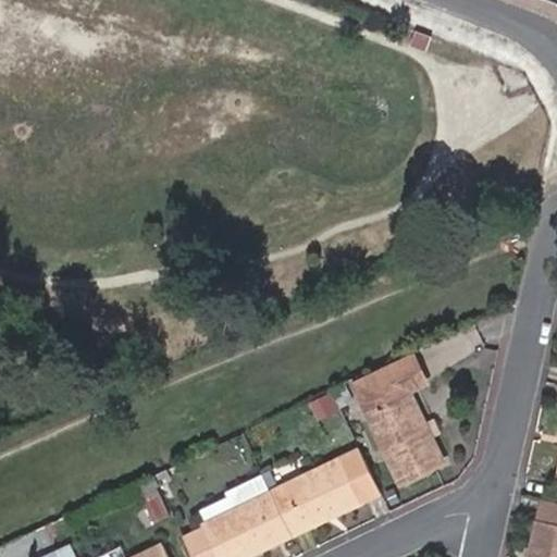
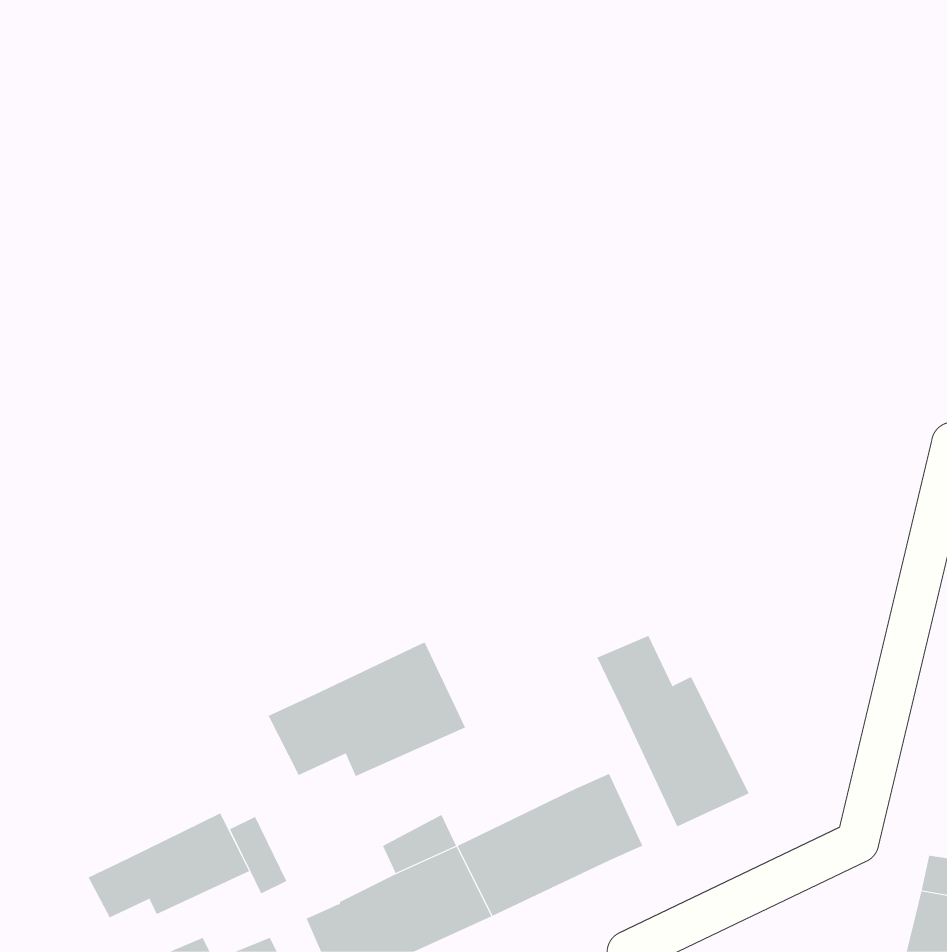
building: [382,357,424,400] -> none
building: none -> [268,642,466,777]
building: none -> [88,813,250,918]

